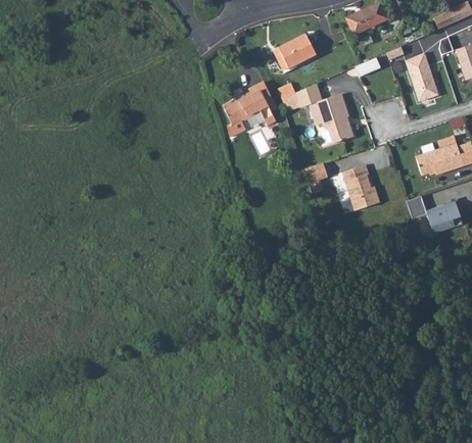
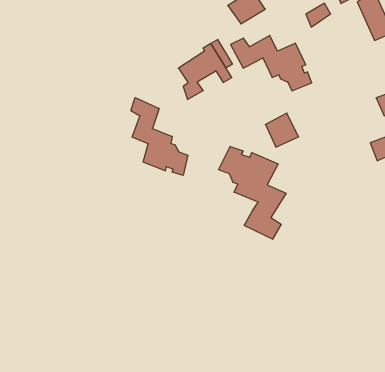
building: none -> [131,98,188,175]
building: [340,163,380,210] -> none
building: none -> [219,146,286,239]

